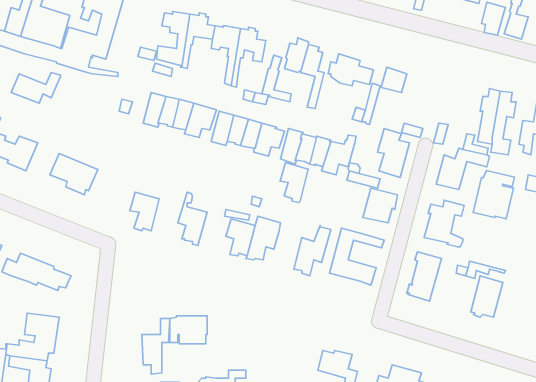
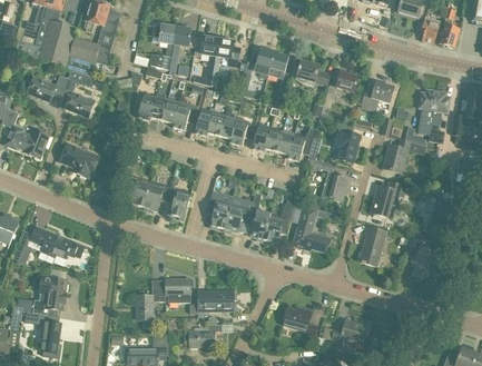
building: none -> [60,70,95,116]
building: none -> [361,80,393,109]
building: [280,162,308,202] -> [246,207,269,240]
building: [473,171,514,219] -> none
building: none -> [144,180,170,210]
building: none -> [197,289,236,310]

